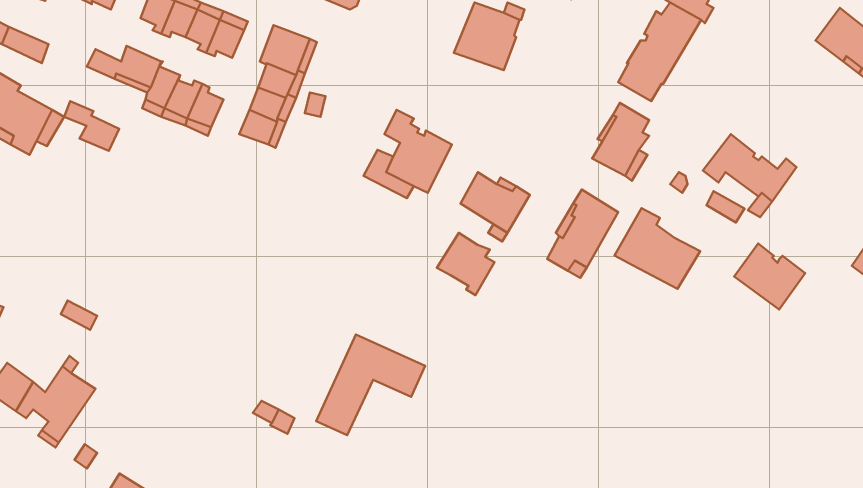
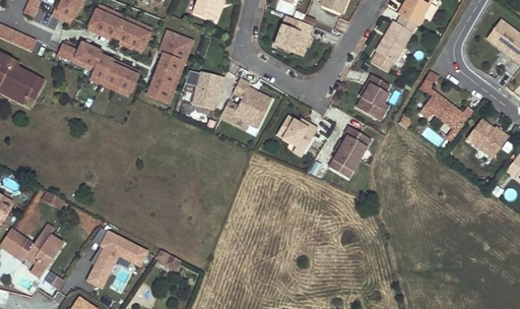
building: none -> [192,72,223,111]
building: [64,101,119,151] -> none
building: [615,208,700,289] -> none
building: [437,233,494,295] -> none
building: [734,244,805,309] -> [466,120,508,159]
building: [316,335,425,435] -> [84,229,148,288]

